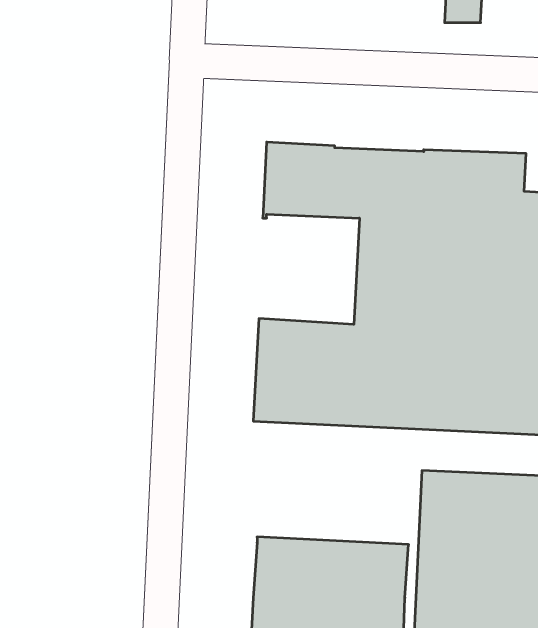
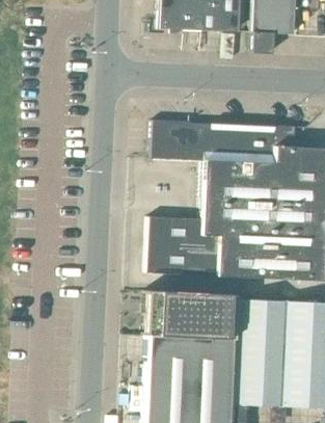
building: none -> [146,291,236,340]

